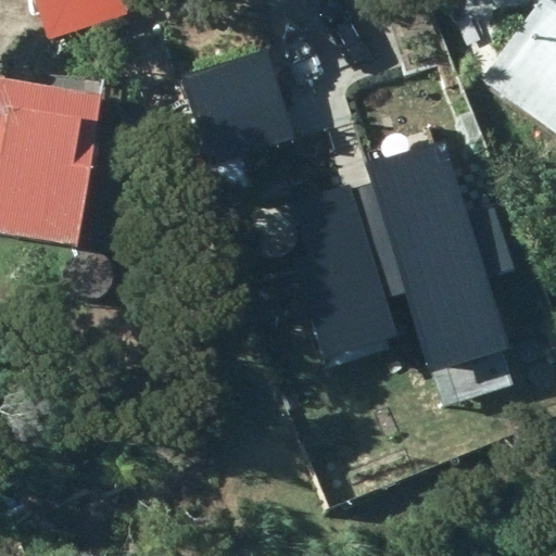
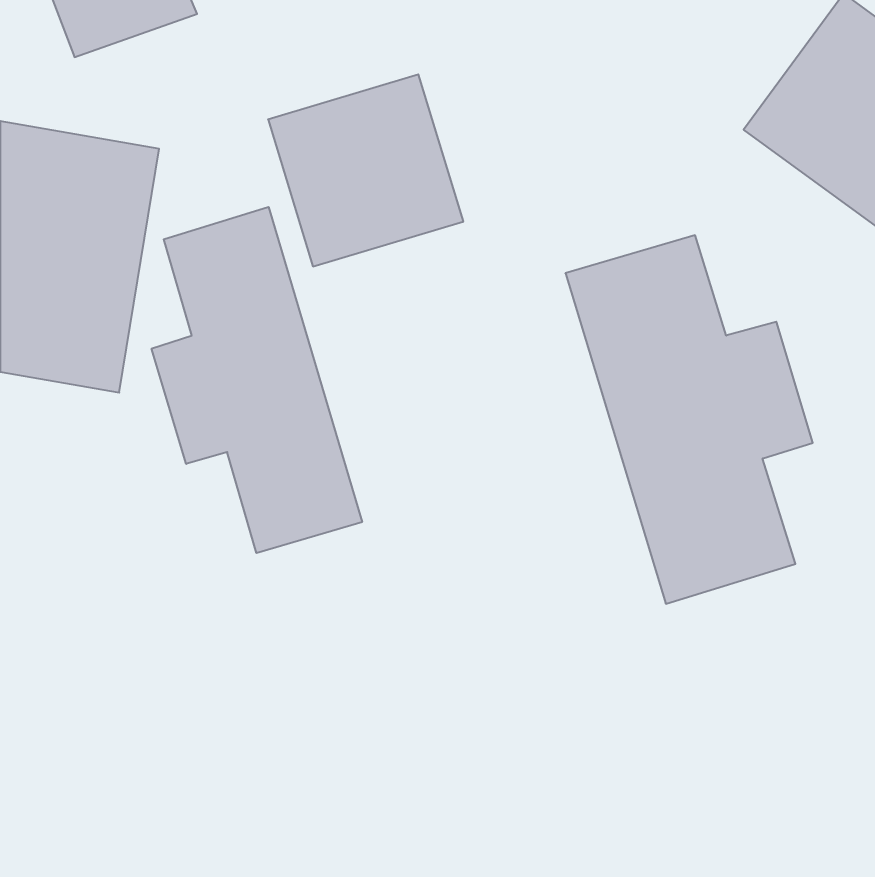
building: none -> [152,207,362,553]
building: [283,188,393,362] -> none

